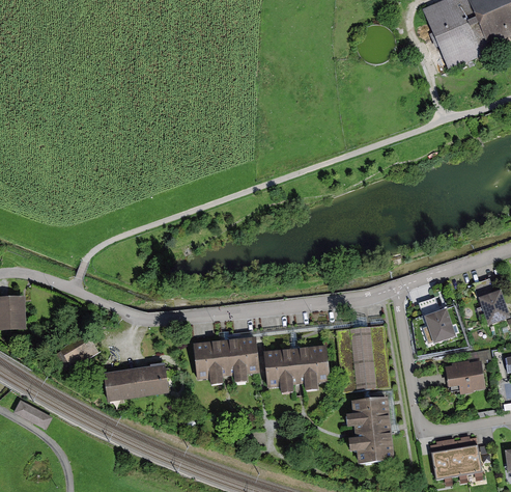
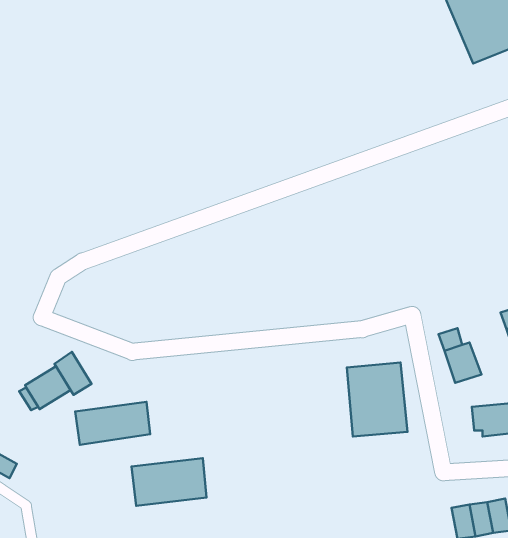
building: none -> [55,352,91,395]
building: [193,336,258,378] -> [131,458,206,506]
building: [263,345,330,386] -> none
building: [349,398,395,464] -> none

